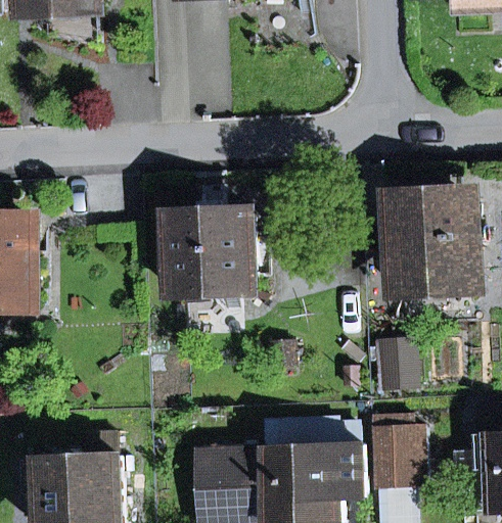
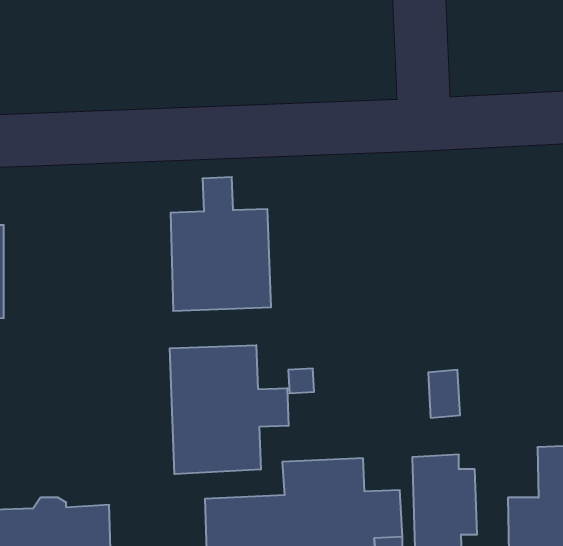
building: [384,202,475,284] -> none
building: none -> [170,345,288,474]

